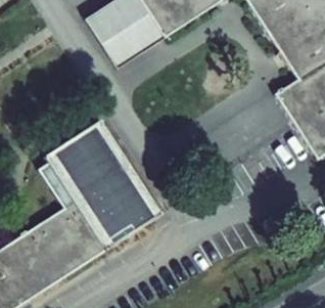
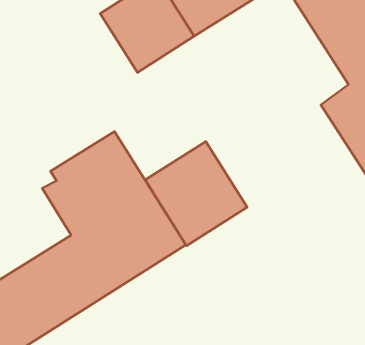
building: none -> [145,142,247,246]

